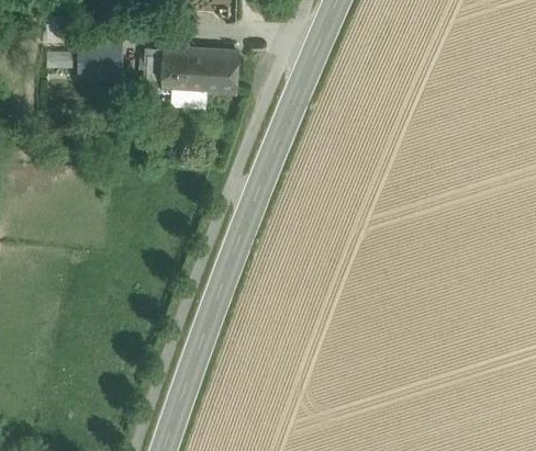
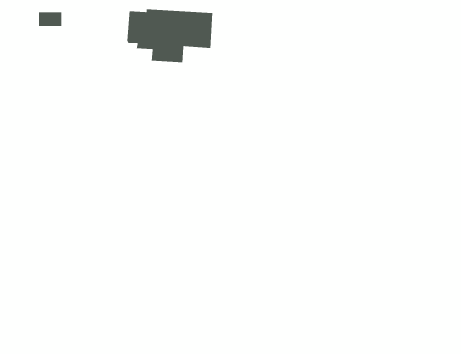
building: [79,43,124,76] -> none

